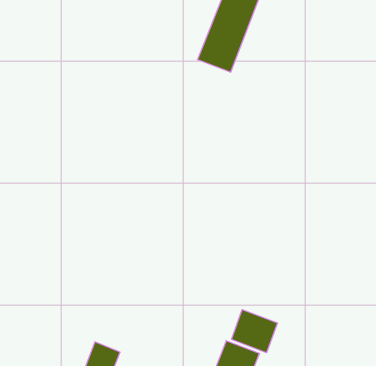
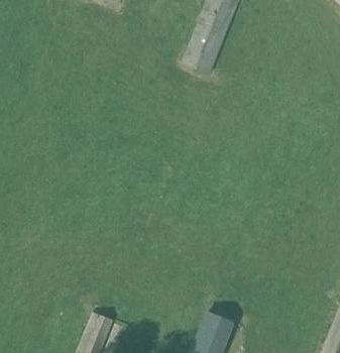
building: [231,310,277,353] -> none

